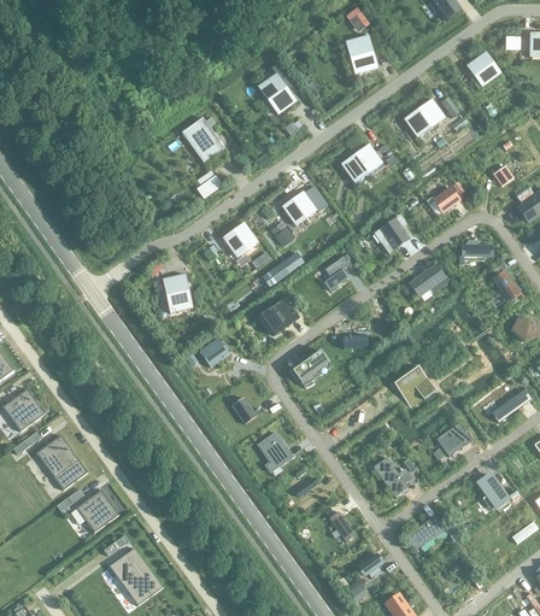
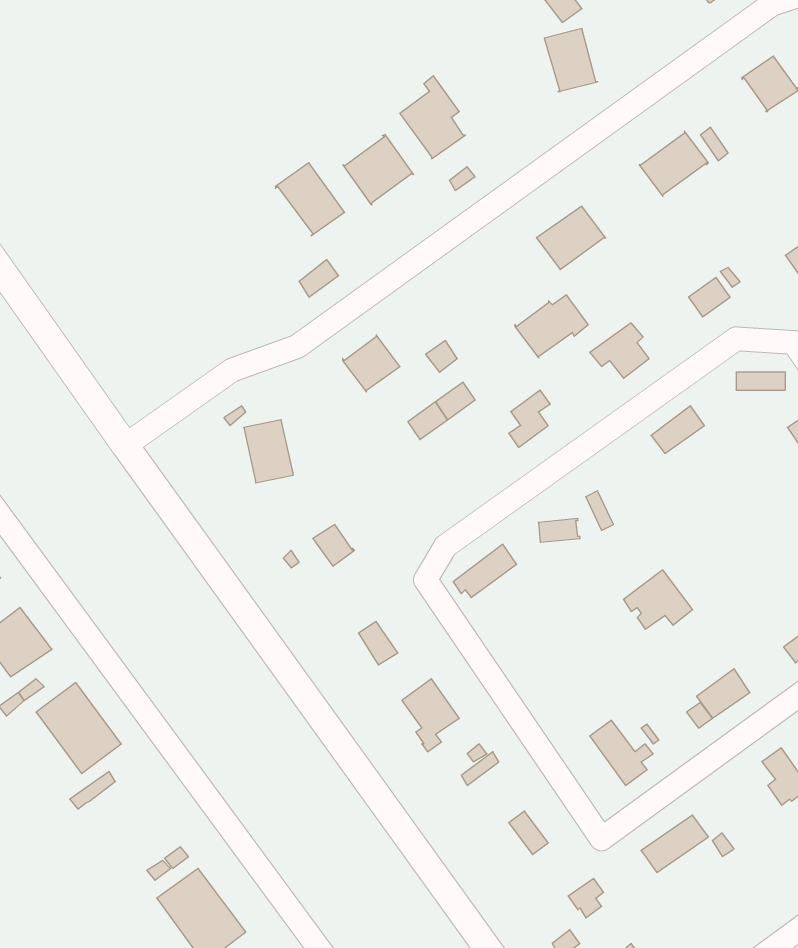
building: none -> [343,134,413,205]
building: [281,187,325,225] -> [515,295,588,358]
building: [258,299,299,335] -> none
building: [70,489,118,532] -> none

